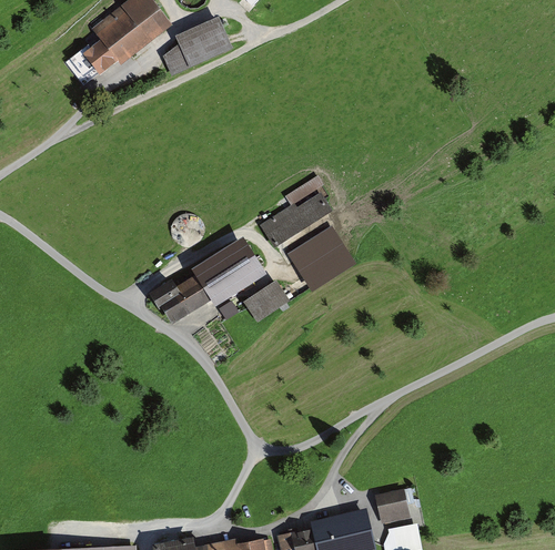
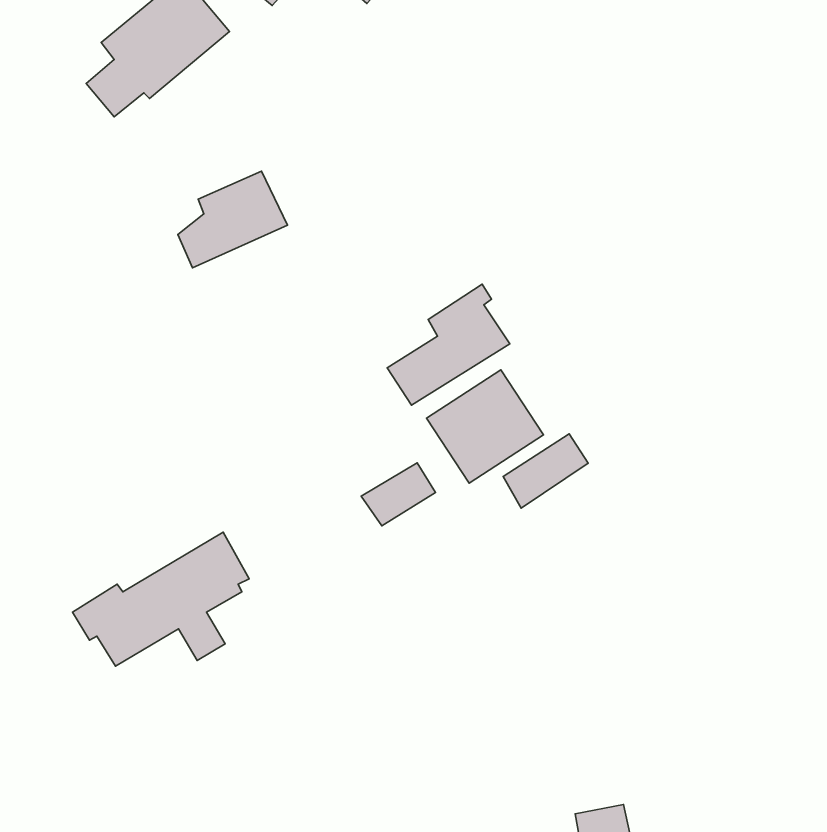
building: [163,19,229,77] -> [178,171,287,268]
building: [152,244,258,324] -> [73,532,249,666]
building: none -> [503,434,588,508]

